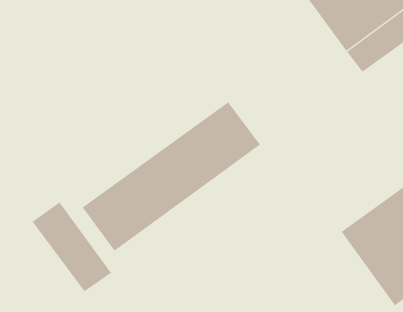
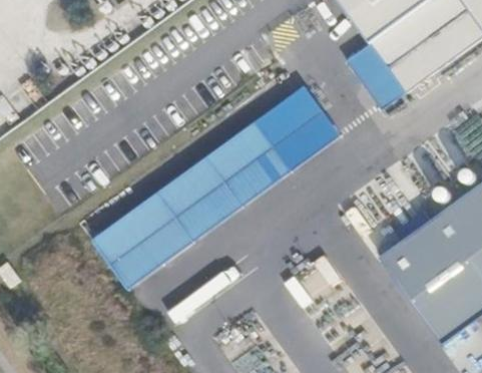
building: [32,201,112,292] -> none

